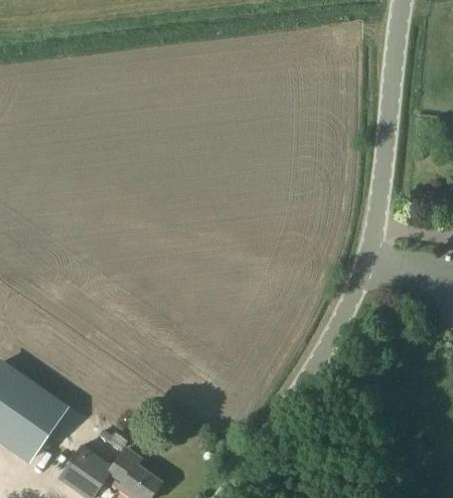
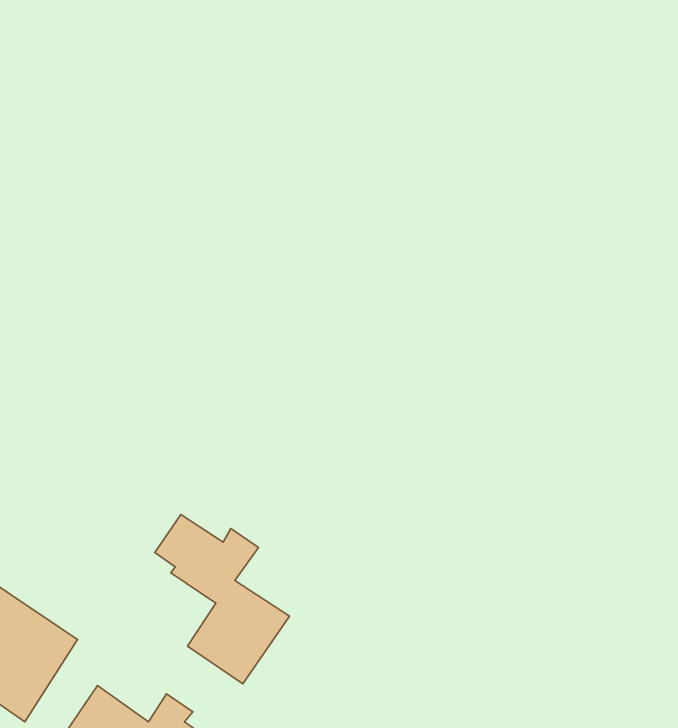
building: none -> [155,514,289,684]

